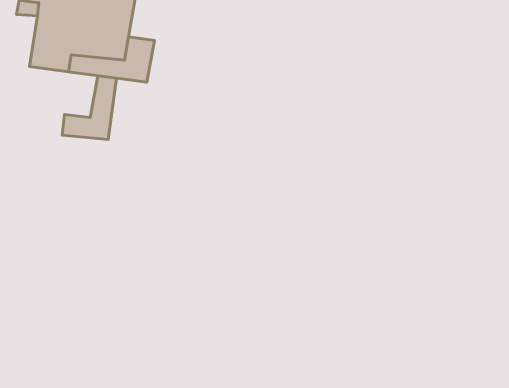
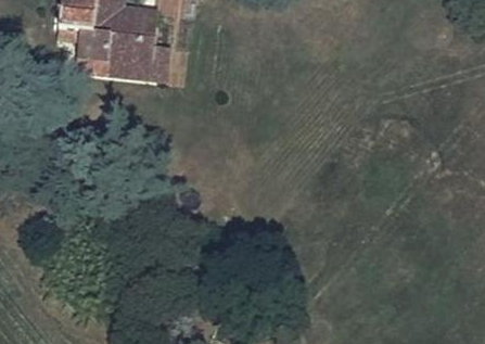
building: [62,76,116,140] -> none

